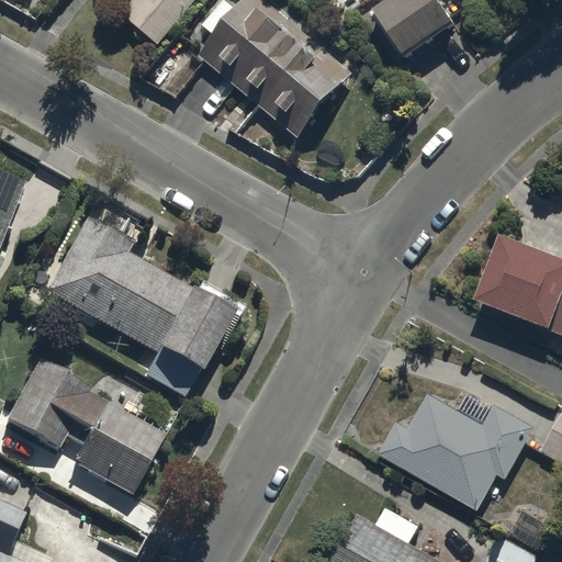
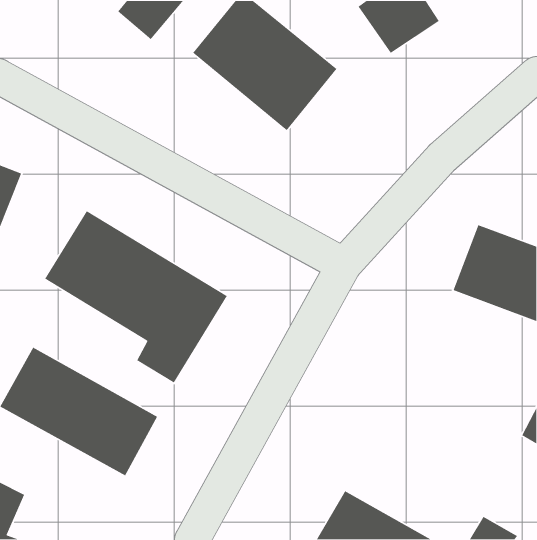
building: [379,393,535,512] -> none

